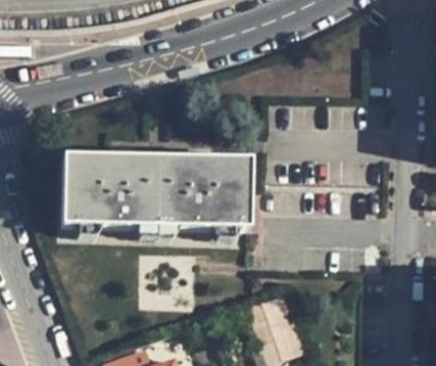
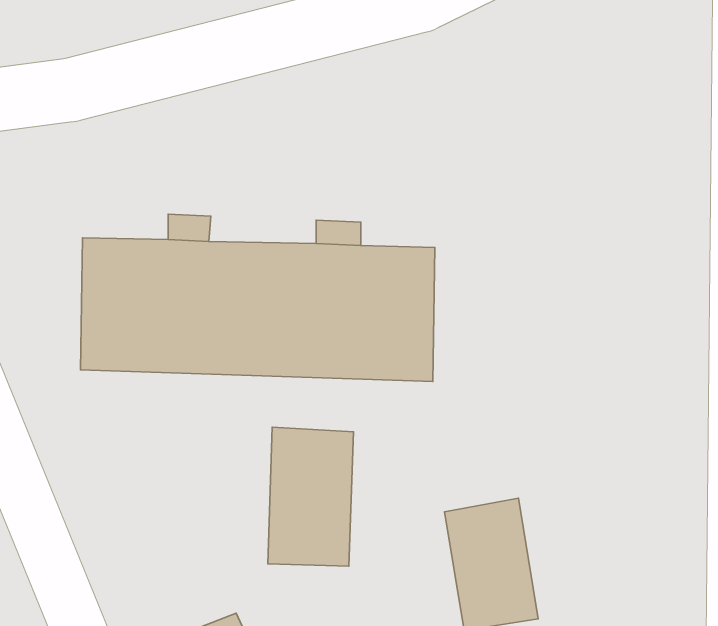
building: none -> [268,427,353,566]

